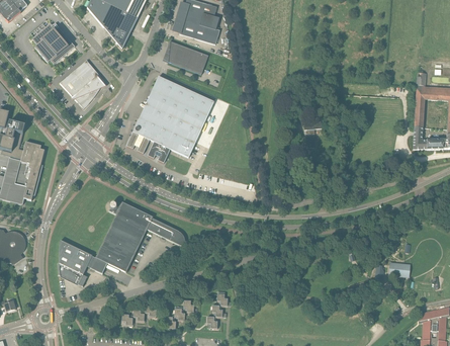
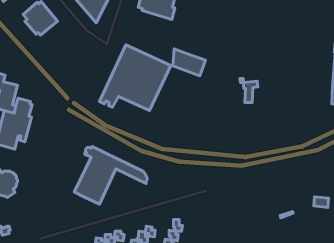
building: [168,40,208,74] -> [173,49,206,76]
building: [60,60,106,108] -> none
building: [58,240,107,286] -> none

